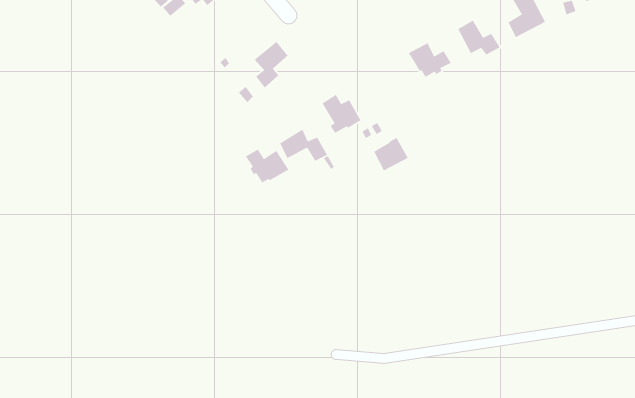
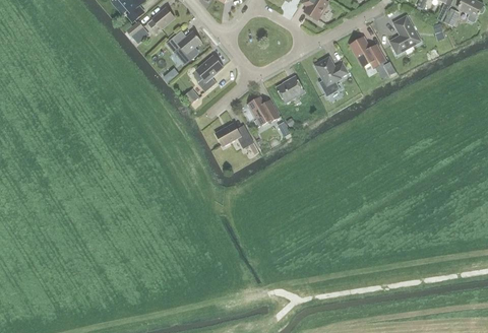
building: none -> [165,29,200,58]
building: [373,137,409,172] -> [276,74,303,101]
building: [245,148,289,184] -> none

